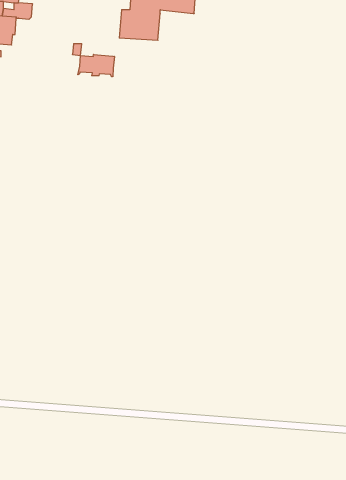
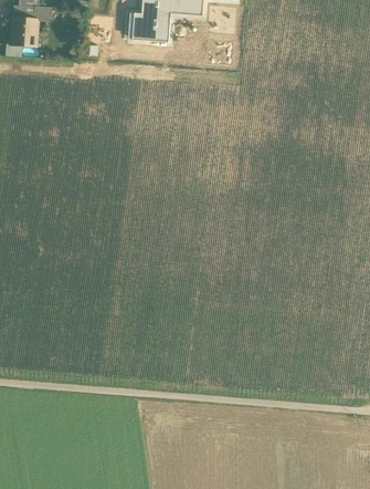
building: [78,54,114,77] -> none

